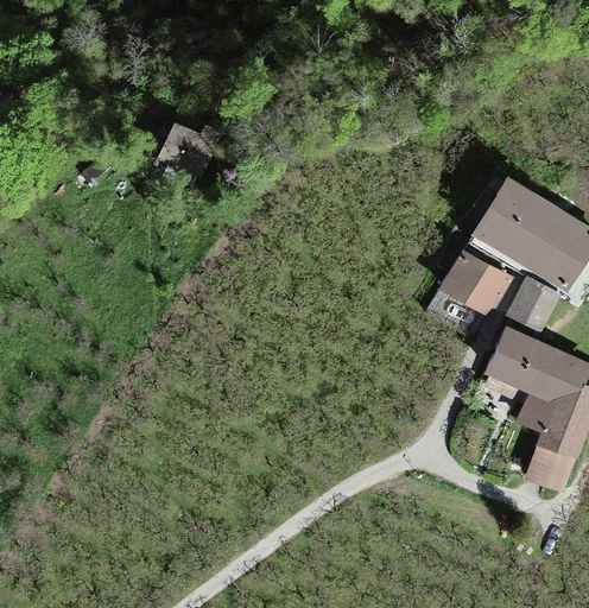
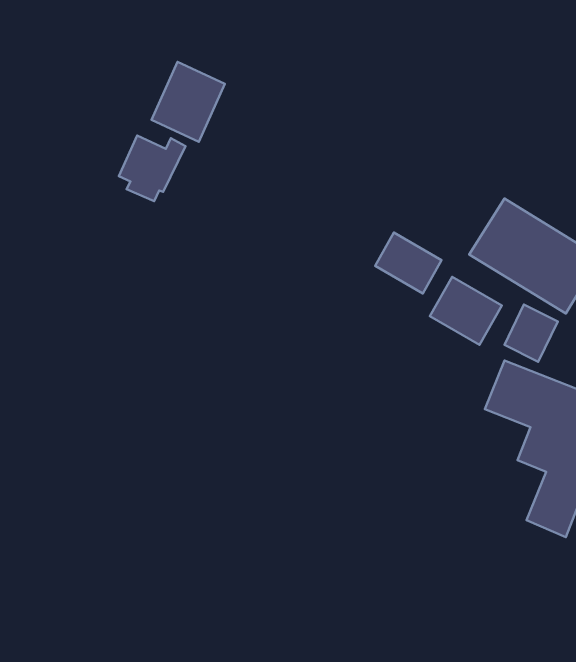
building: none -> [151,62,225,142]
building: none -> [375,233,441,294]

